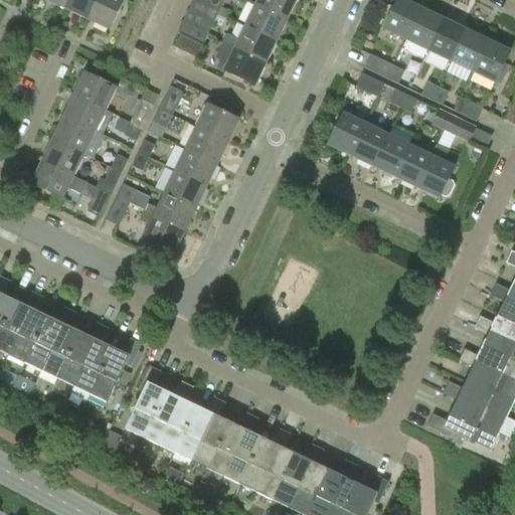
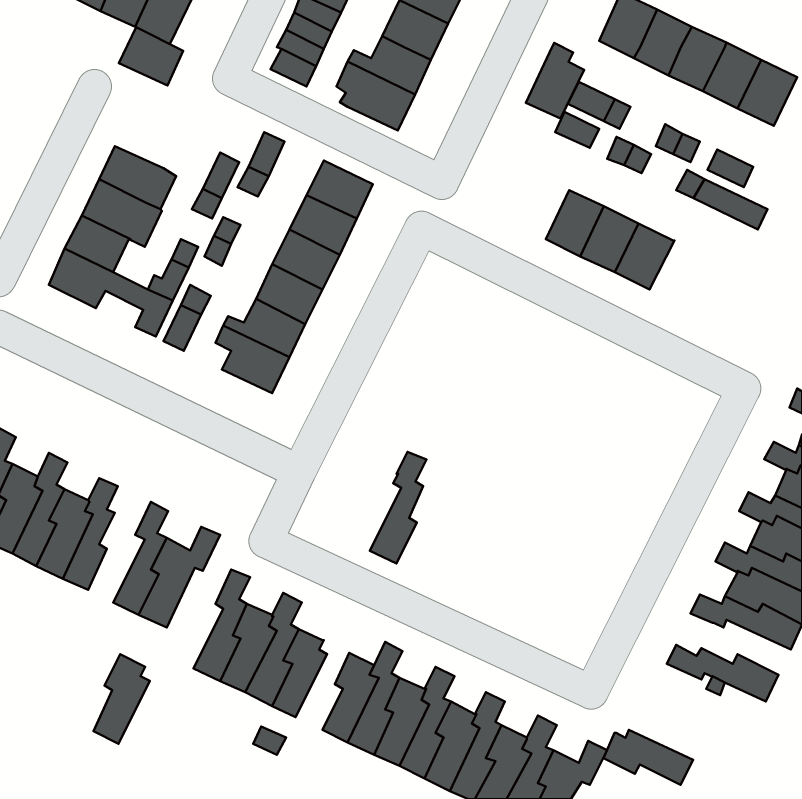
building: [73,70,115,108] -> [119,27,183,85]
building: [327,105,364,153] -> [526,43,584,118]
building: [415,143,454,196] -> none
building: [56,328,93,385] -> [93,654,150,744]
building: [189,395,225,467] -> [370,452,426,563]
building: [449,396,506,432] -> [604,730,693,785]

